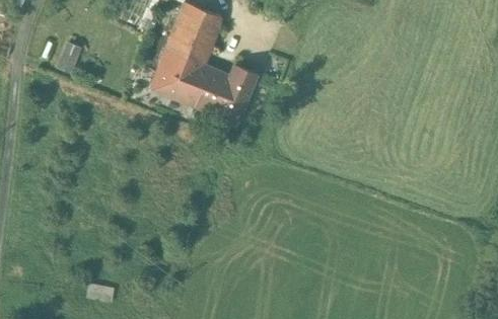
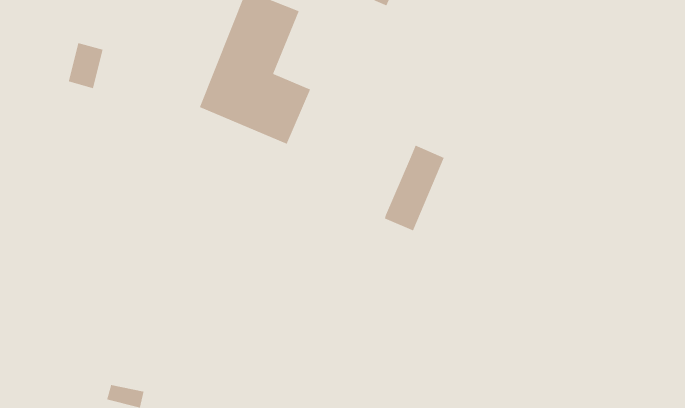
building: [212,64,256,126] -> [384,145,445,232]

